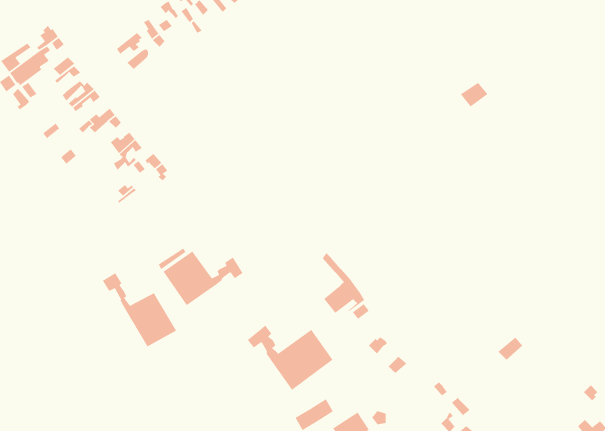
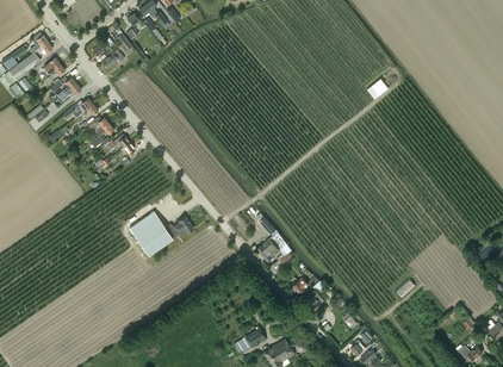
building: [102,272,177,348] -> none
building: [247,325,333,391] -> none

